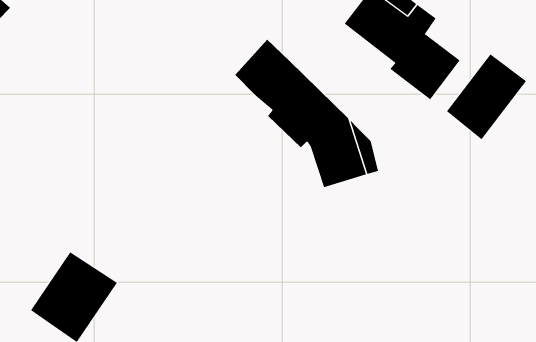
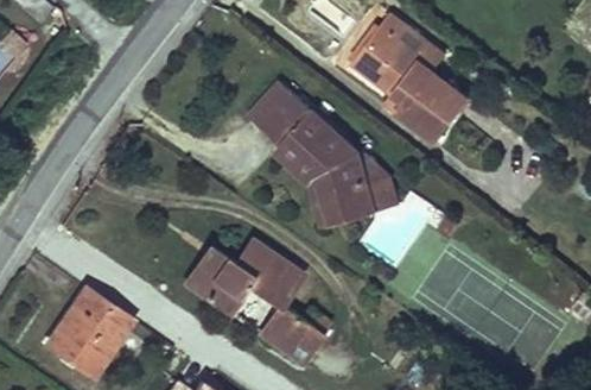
building: [446,54,527,140] -> none
building: none -> [184,247,324,361]

